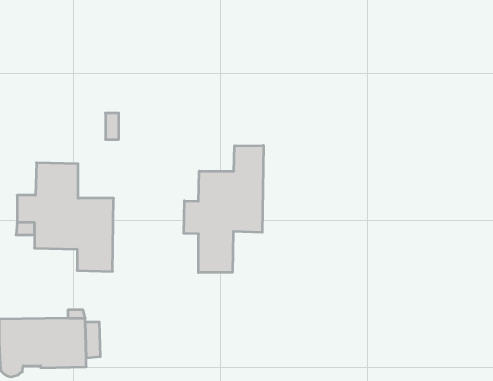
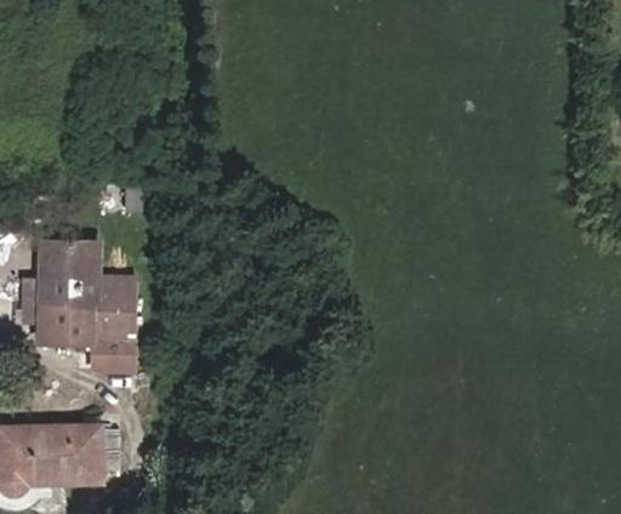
building: [184,145,263,273] -> none

